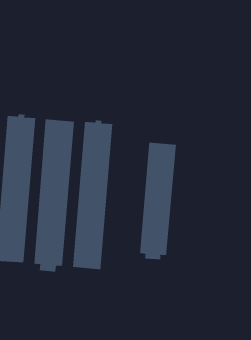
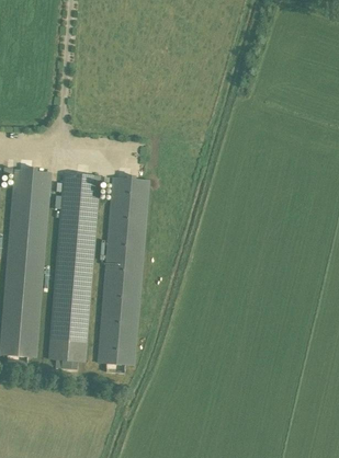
building: [139,142,176,260] -> none

